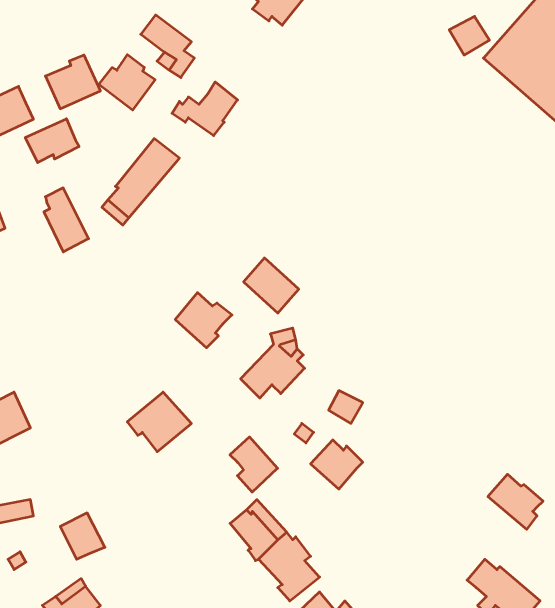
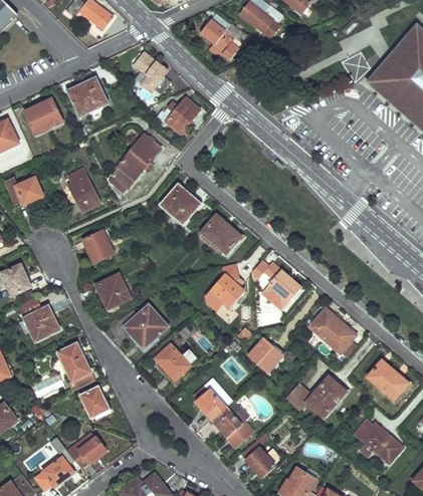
building: [99,55,155,110] -> none
building: [25,119,79,163] -> none
building: none -> [83,229,114,262]
building: [175,293,232,348] -> [161,187,199,224]
building: none -> [252,261,300,309]
building: none -> [96,274,131,306]
building: none -> [310,309,355,352]
building: [230,437,278,492] -> [158,344,190,382]
building: none -> [58,343,95,392]
building: none -> [287,377,346,417]

